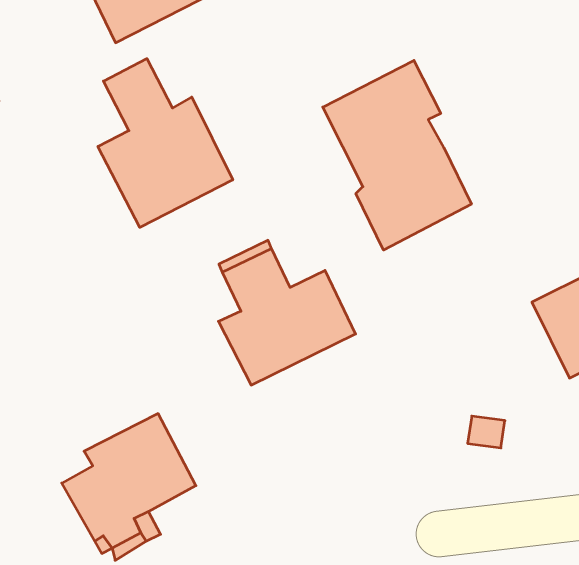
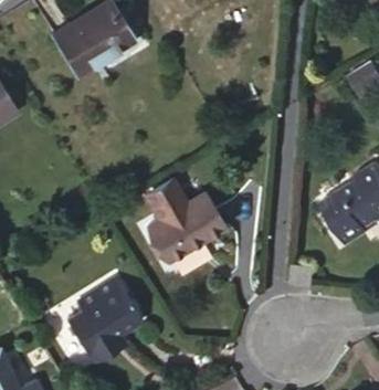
building: [98,59,233,227] -> none
building: [323,60,471,250] -> none

